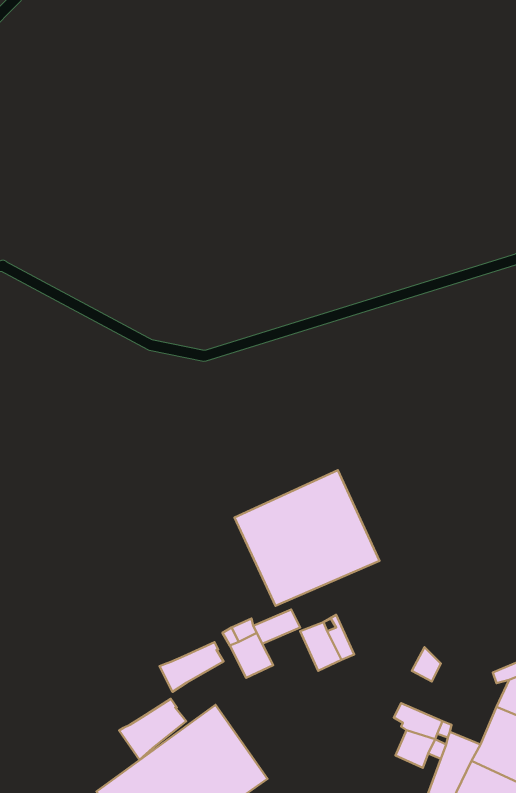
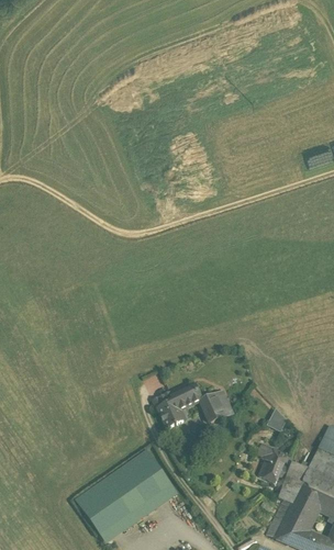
building: [235,470,380,606] -> none
building: [160,642,224,692] -> none
building: [119,699,186,760] -> none

